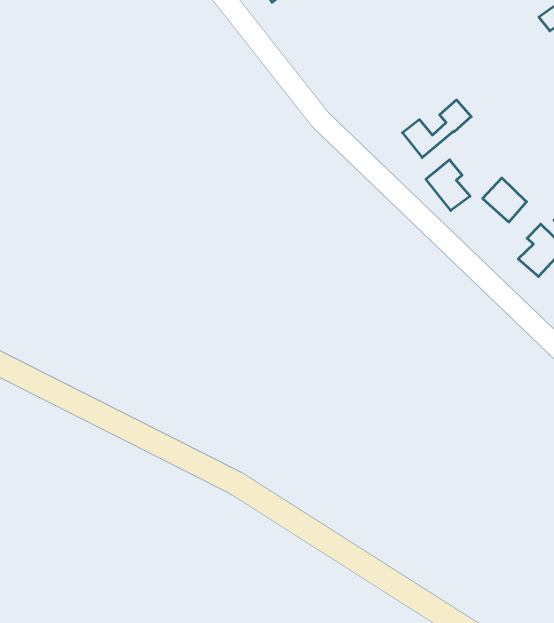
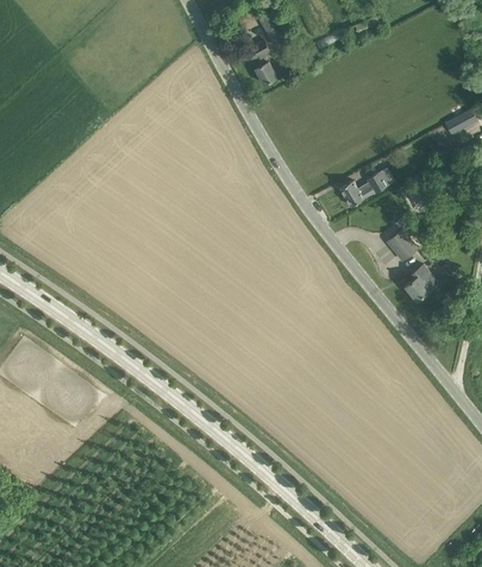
building: [426,160,470,211] -> none

